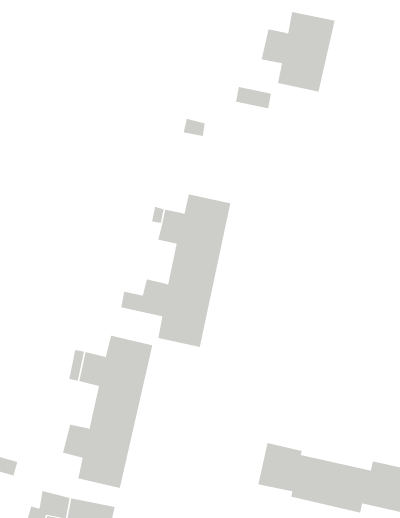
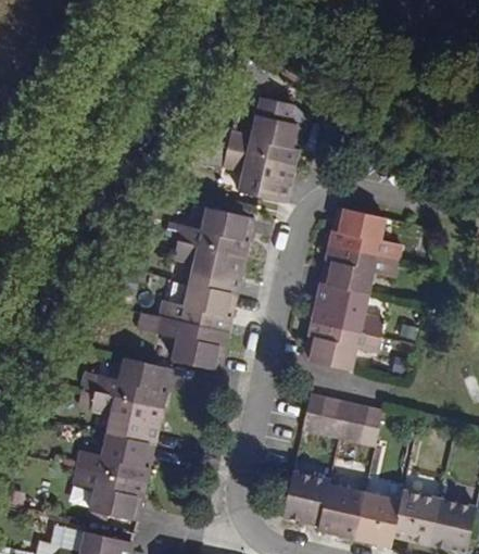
building: [261,11,335,92] -> [223,114,302,200]
building: none -> [304,207,400,372]
building: none -> [302,393,383,445]

